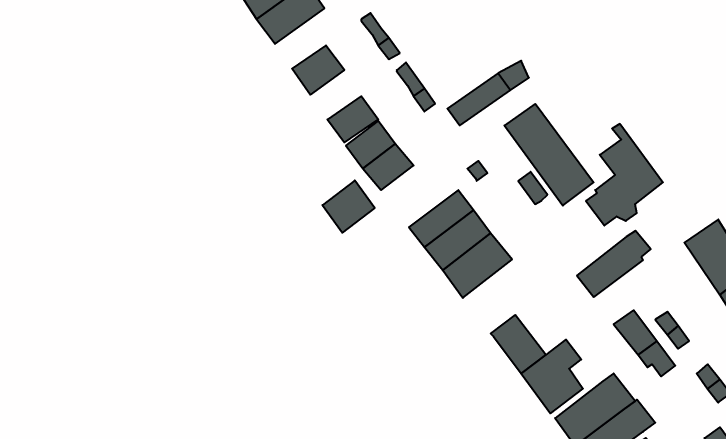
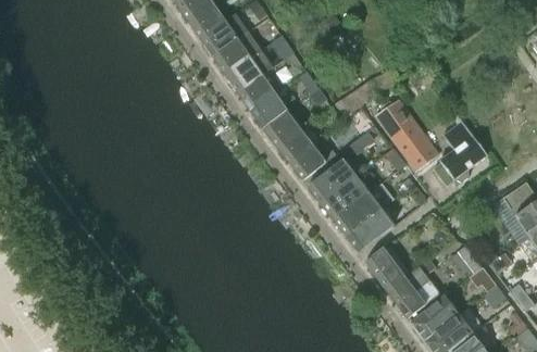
building: none -> [213,33,261,75]
building: none -> [238,76,274,111]
building: [322,180,375,233] -> [288,143,325,180]
building: [577,231,651,297] -> [346,205,398,252]

